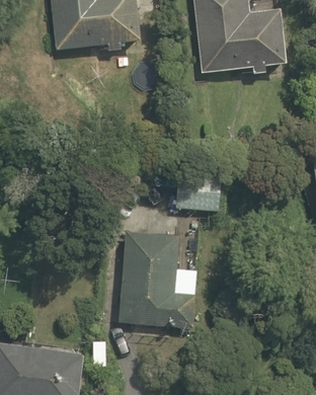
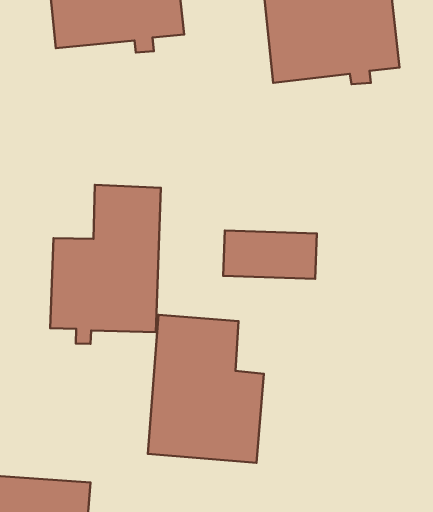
building: none -> [50,185,161,344]

